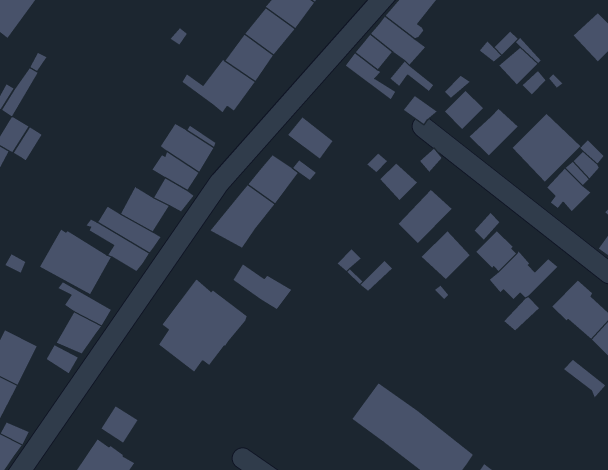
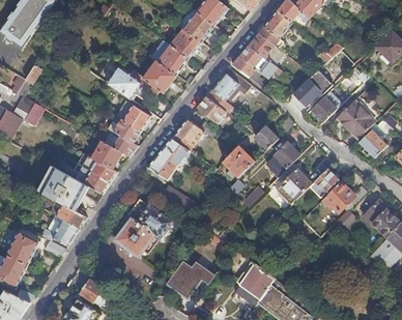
building: none -> [107,66,149,99]
building: none -> [205,68,251,113]
building: none -> [222,145,255,177]
building: none -> [168,260,216,302]

